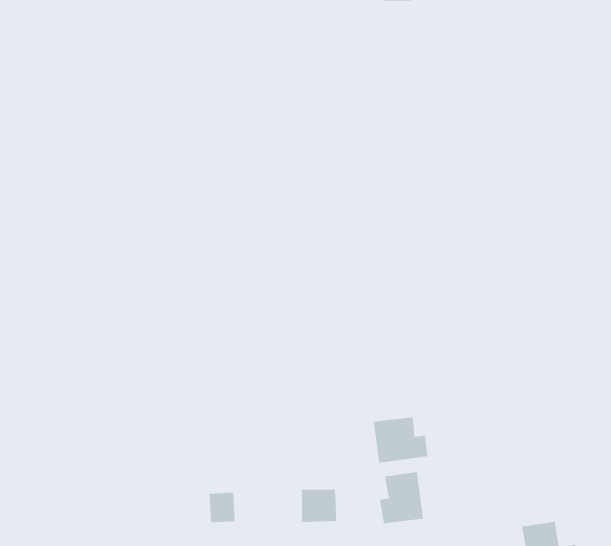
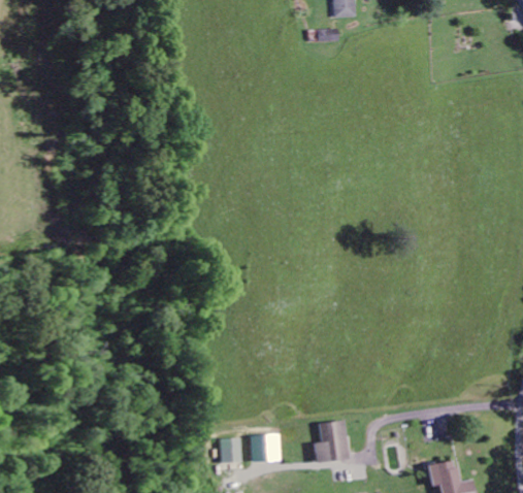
building: [373,416,428,464] -> none
building: [209,492,236,523] -> [220,438,241,463]

